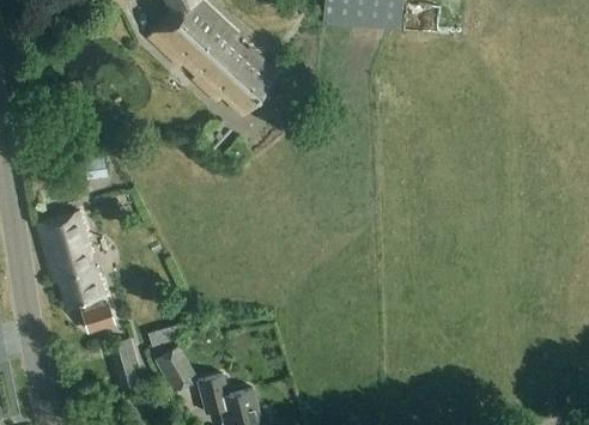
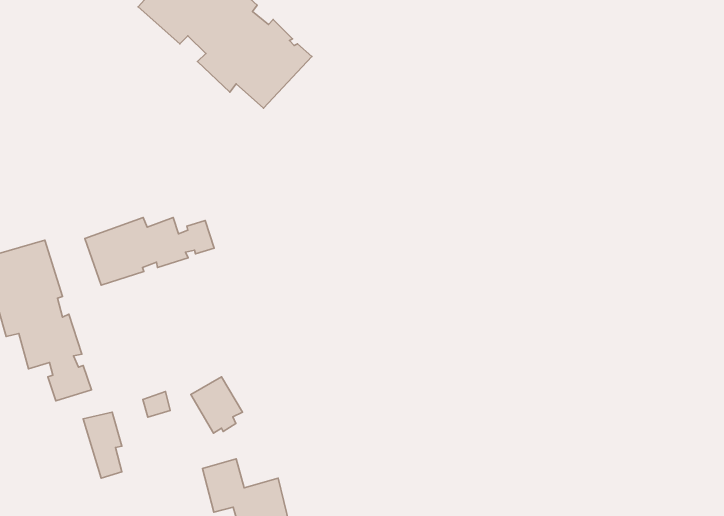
building: none -> [85,218,214,285]
building: [157,347,195,389] -> [191,377,242,433]

